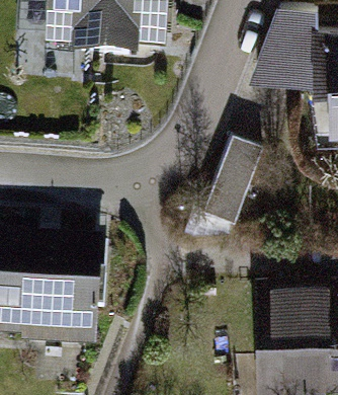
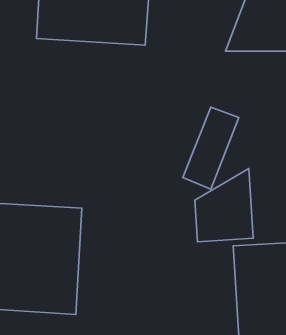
building: none -> [195,169,253,242]

